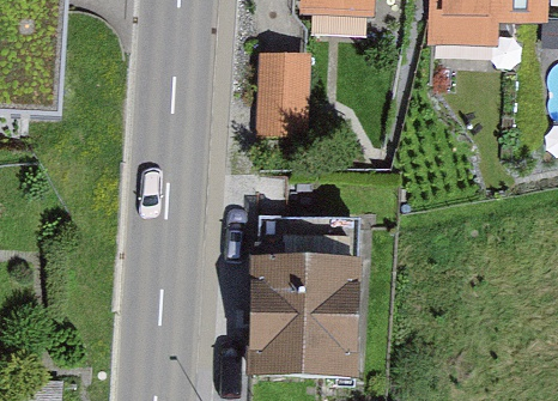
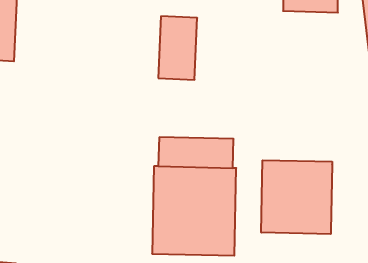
building: none -> [261,160,332,234]

